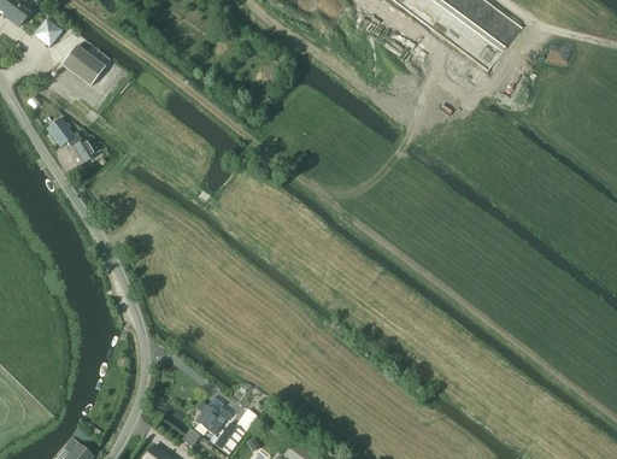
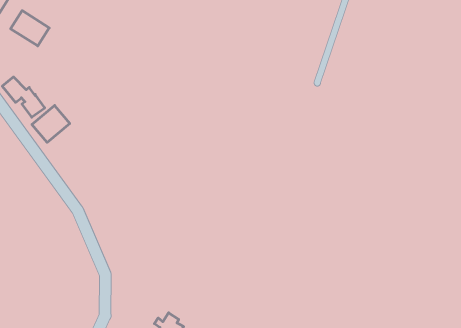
building: none -> [32,105,70,142]

